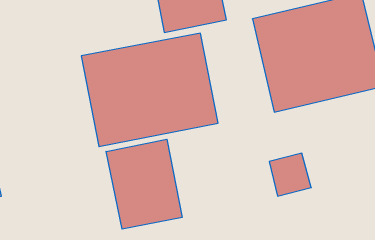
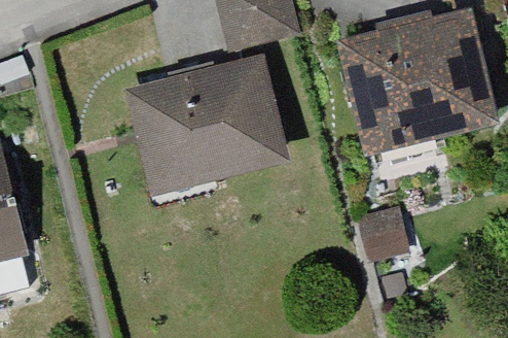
building: [106,139,182,229] -> none

